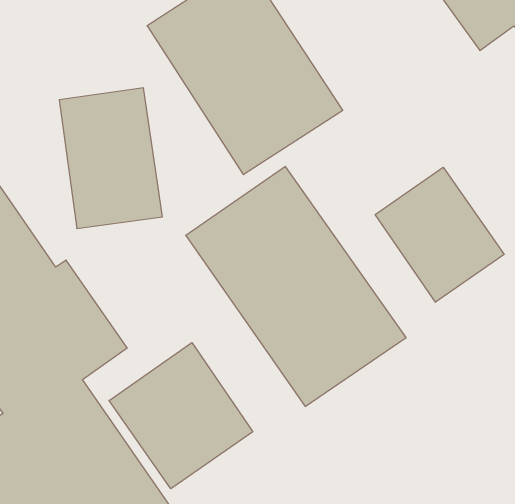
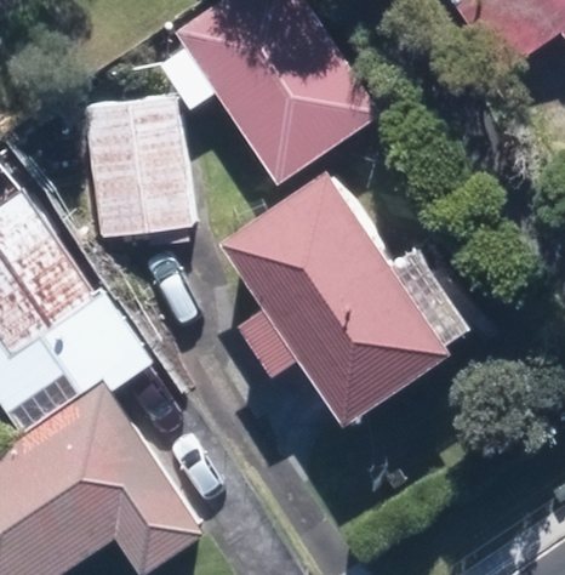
building: [375,167,504,302] -> none
building: [109,343,253,489] -> none

